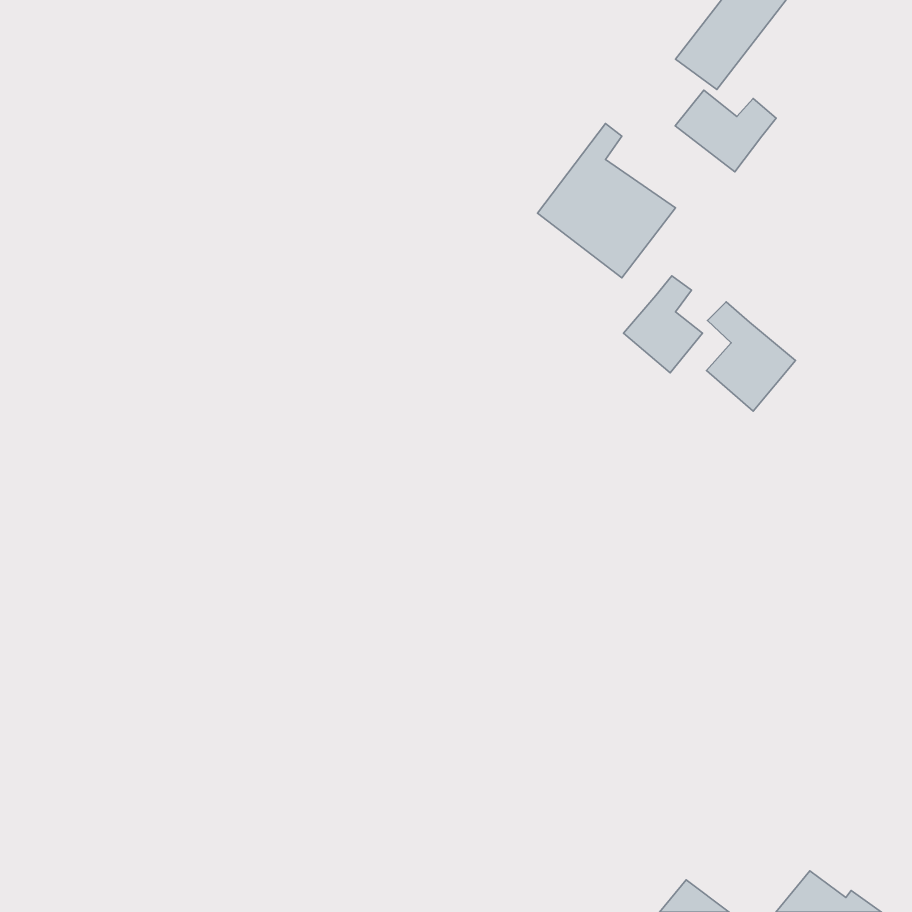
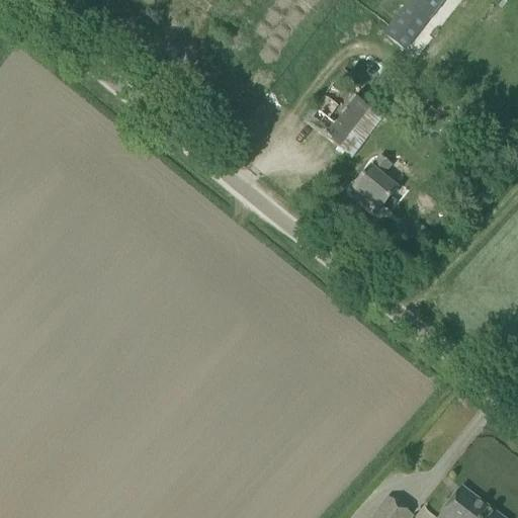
building: [675,90,776,172] -> none
building: [706,302,796,411] -> none

